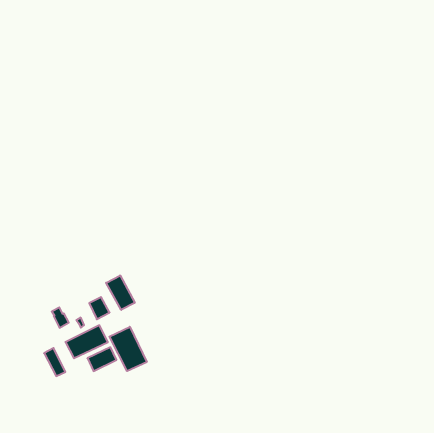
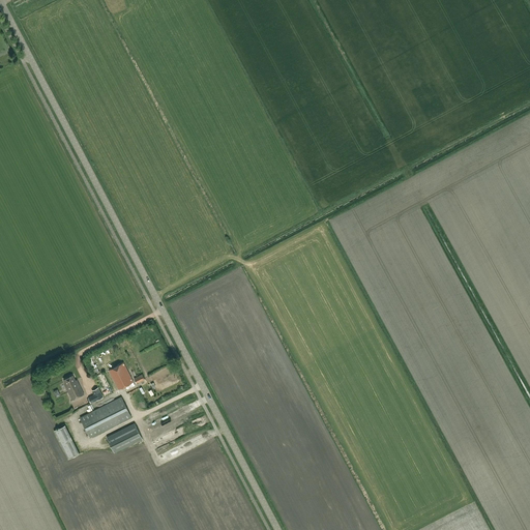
building: [106,275,135,310] -> none
building: [109,327,147,371] -> none

